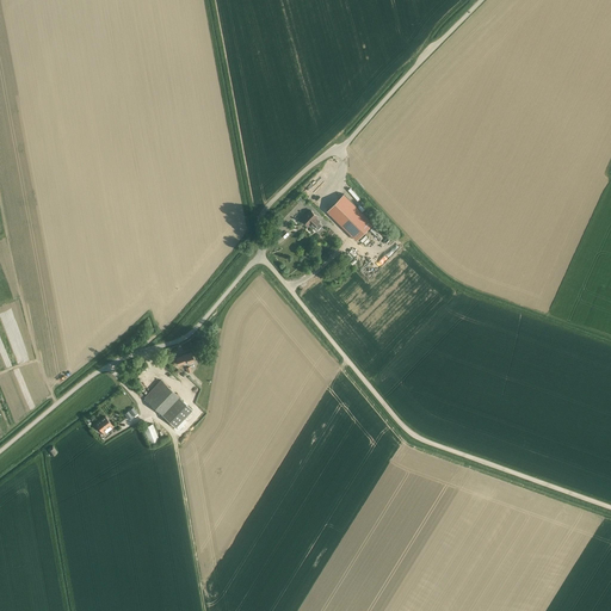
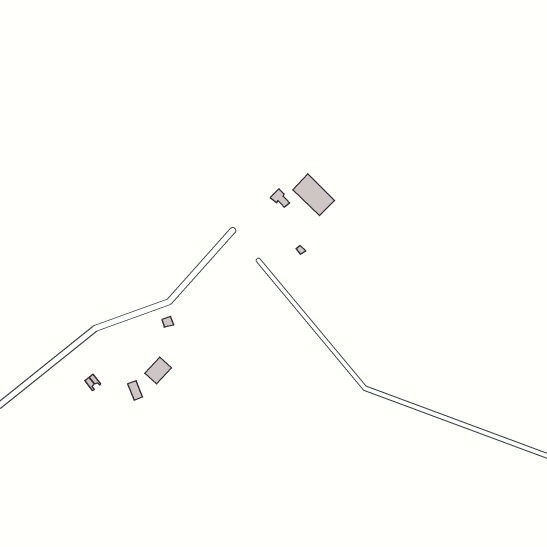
building: [143,381,178,416] -> none

